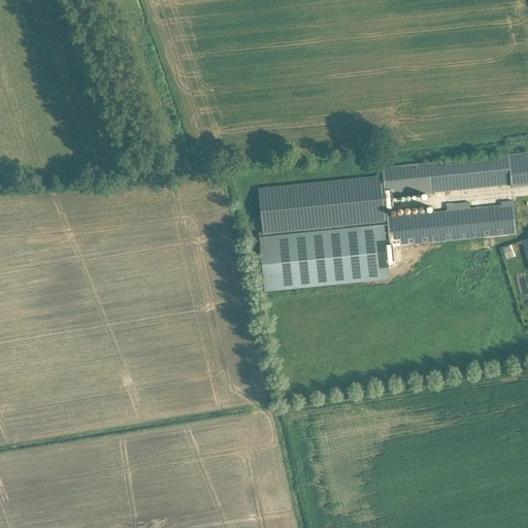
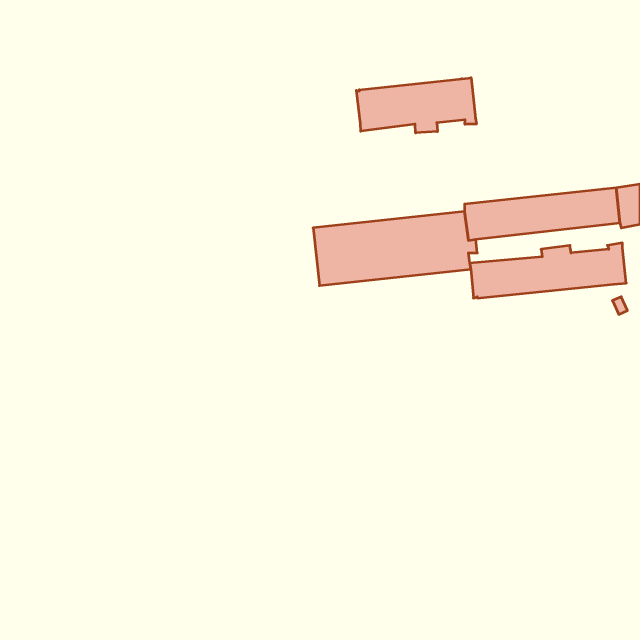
building: none -> [356,78,476,133]
building: [259,225,394,292] -> none

